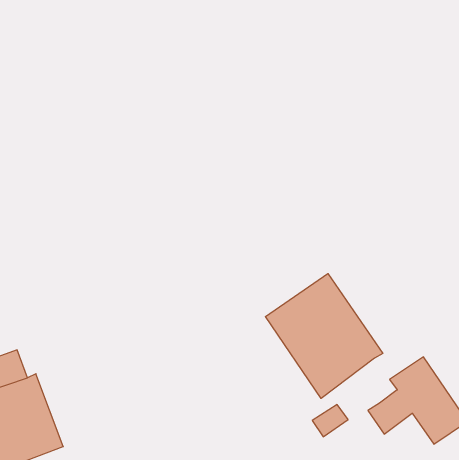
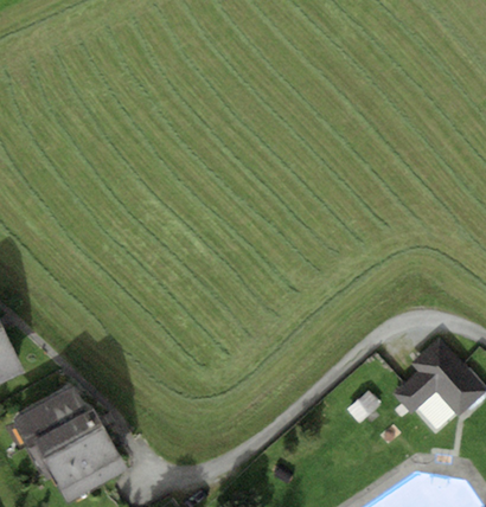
building: [265,274,383,398] -> none

